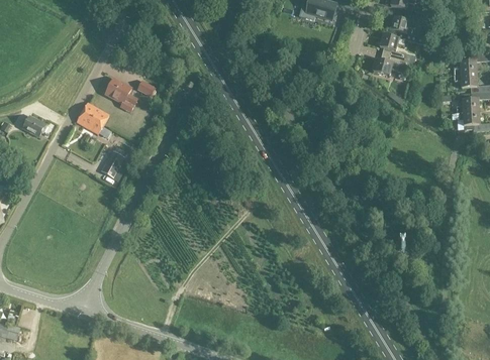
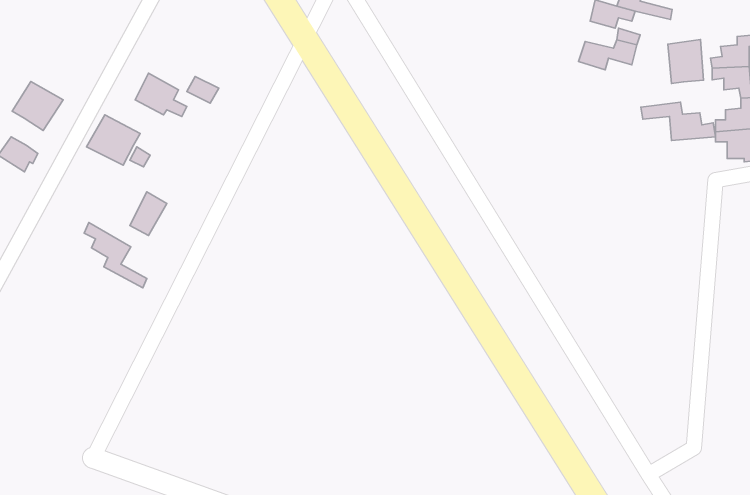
building: none -> [668,39,704,83]
building: none -> [12,81,63,131]
building: none -> [641,102,716,141]
building: none -> [84,223,147,288]

